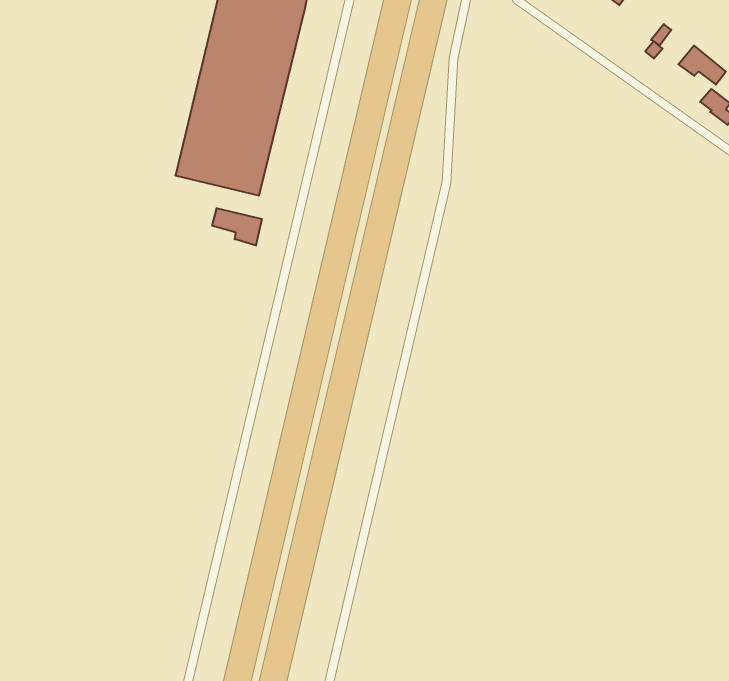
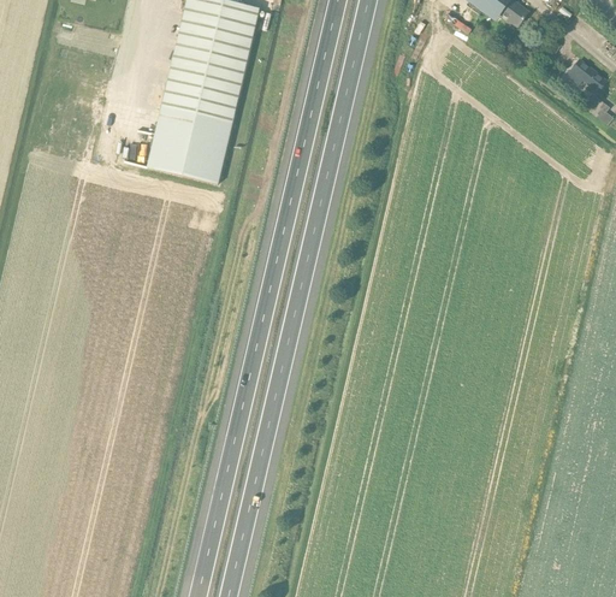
building: [212,208,262,246] -> none

